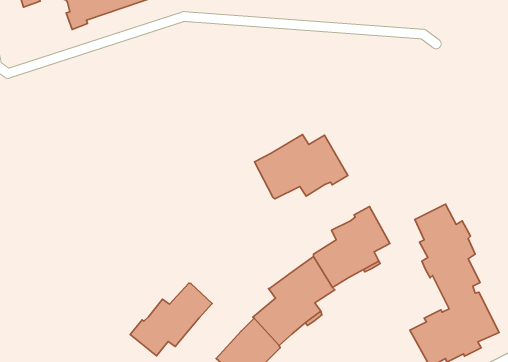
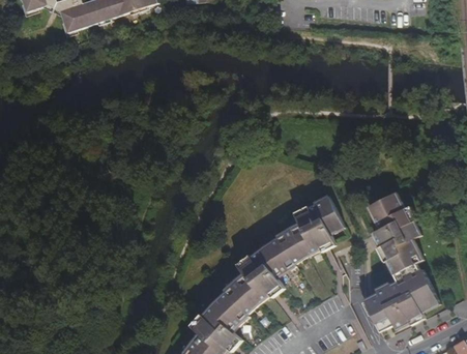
building: [254,135,348,199] -> none
building: [130,283,212,356] -> none

